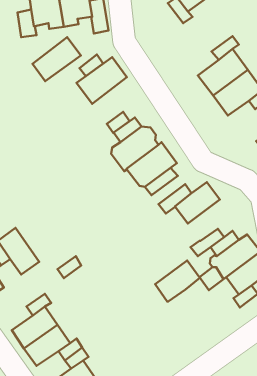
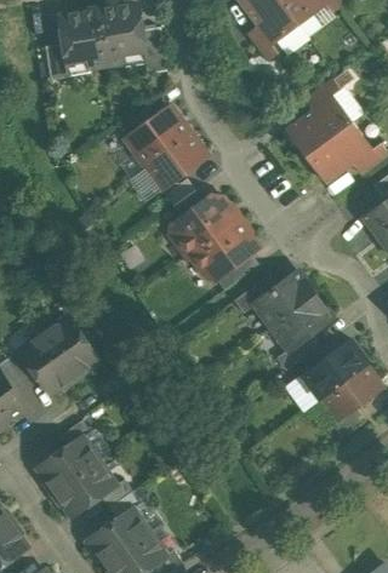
building: [32,37,81,81] -> [145,132,210,190]
building: none -> [44,315,99,377]
building: [155,260,200,301] -> [273,294,332,349]

